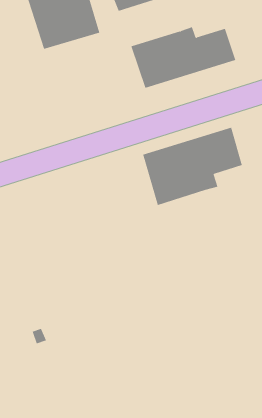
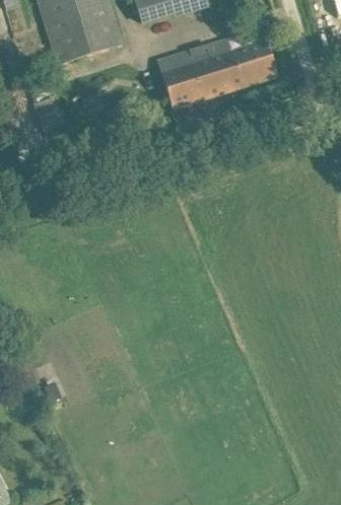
building: [142,127,243,206] -> none

